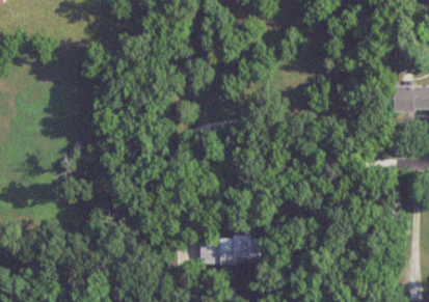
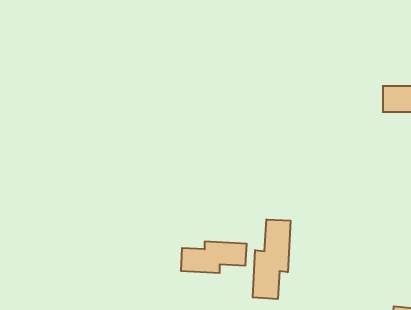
building: none -> [253,219,290,299]

